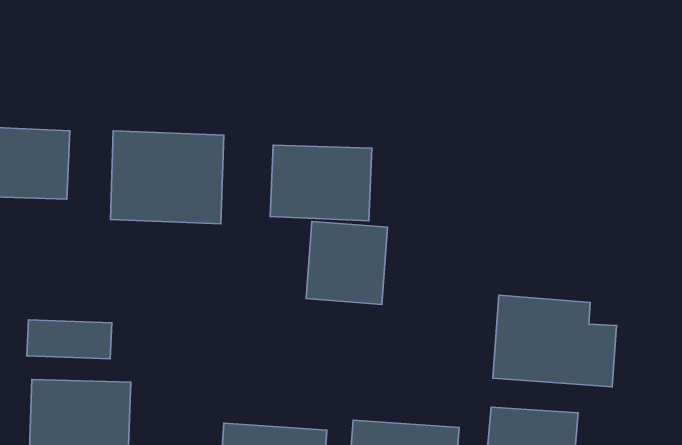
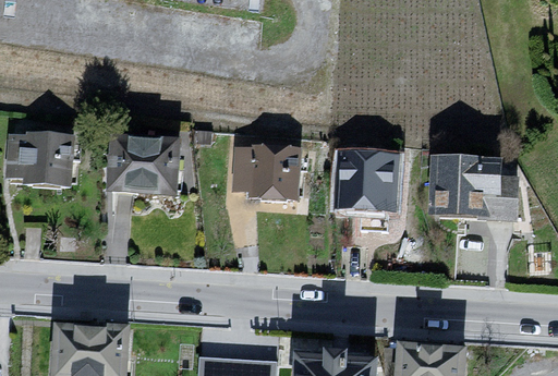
building: [306,221,388,304] -> [330,150,391,213]
building: [493,295,616,387] -> [413,155,506,223]
building: [27,320,112,359] -> none

